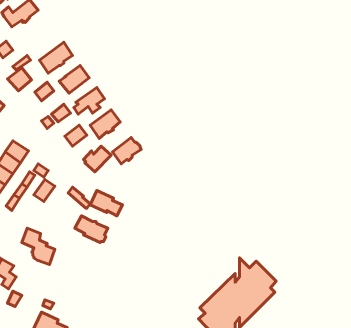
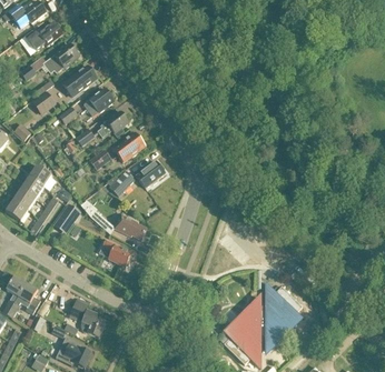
building: none -> [42,43,79,73]
building: [22,228,55,264] -> [71,300,105,336]

